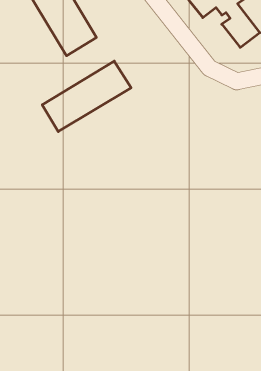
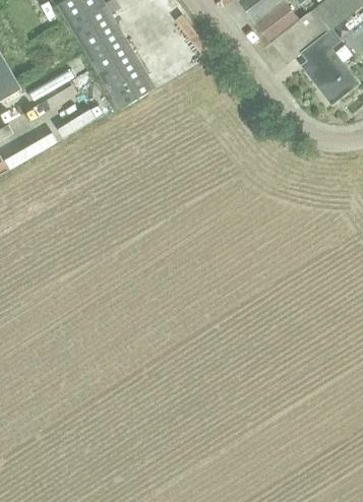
building: [42,61,131,132] -> none

